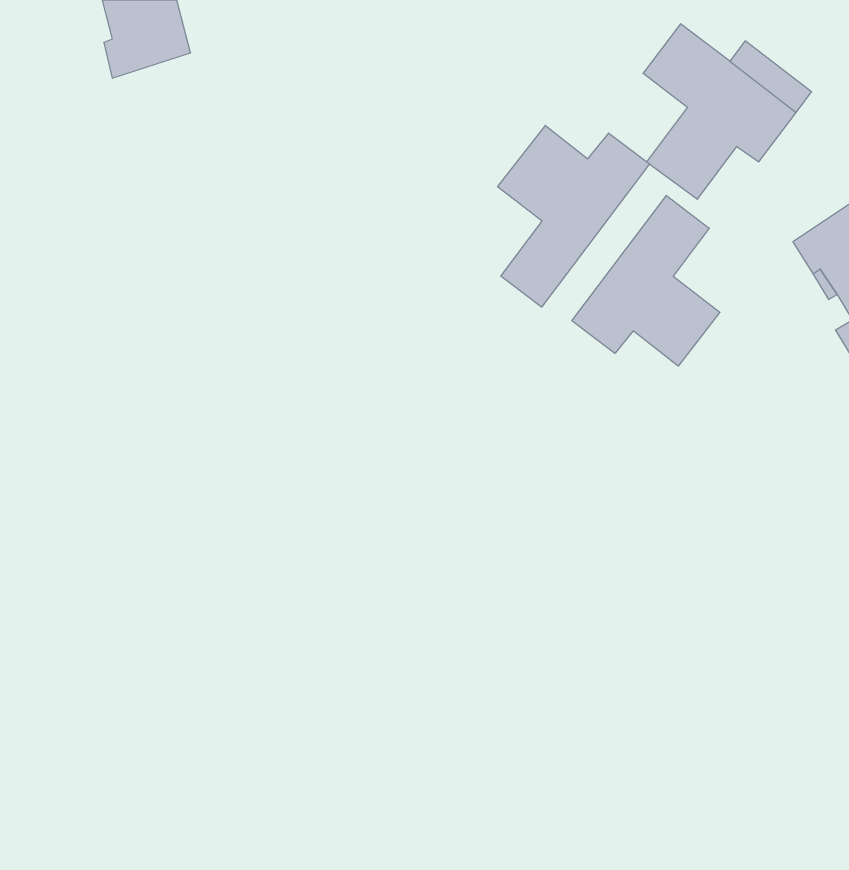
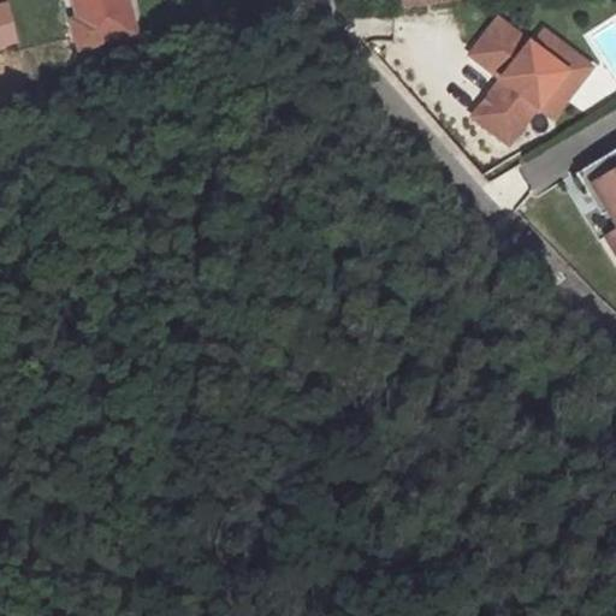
building: [498,125,649,307] -> none
building: [572,195,720,366] -> none

